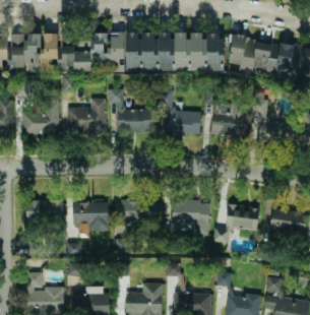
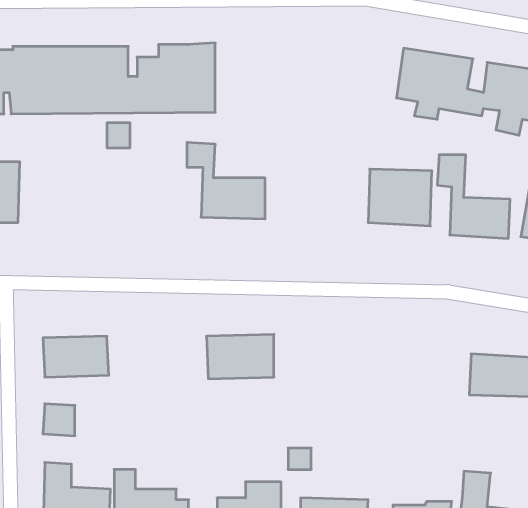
building: [125,32,223,70] -> none
building: [157,89,200,134] -> none
building: [66,98,106,133] -> none
building: [20,100,59,134] -> none
building: [171,200,209,236] -> none
building: [72,201,108,237] -> none
building: [212,204,258,242] -> none

